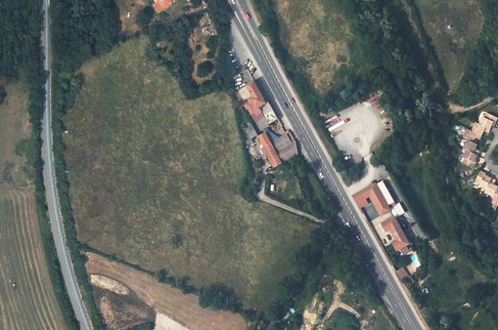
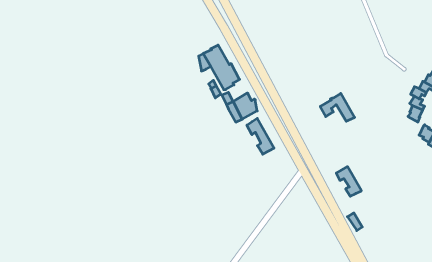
building: none -> [247,118,274,154]
building: [353,182,391,213] -> [320,93,355,121]

